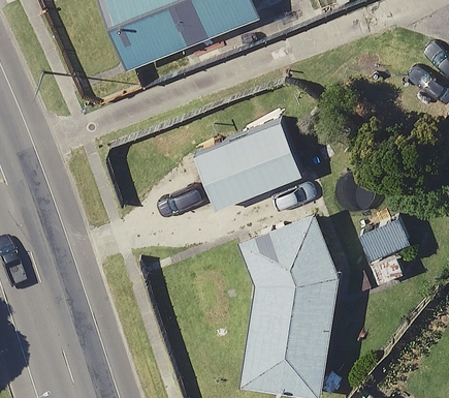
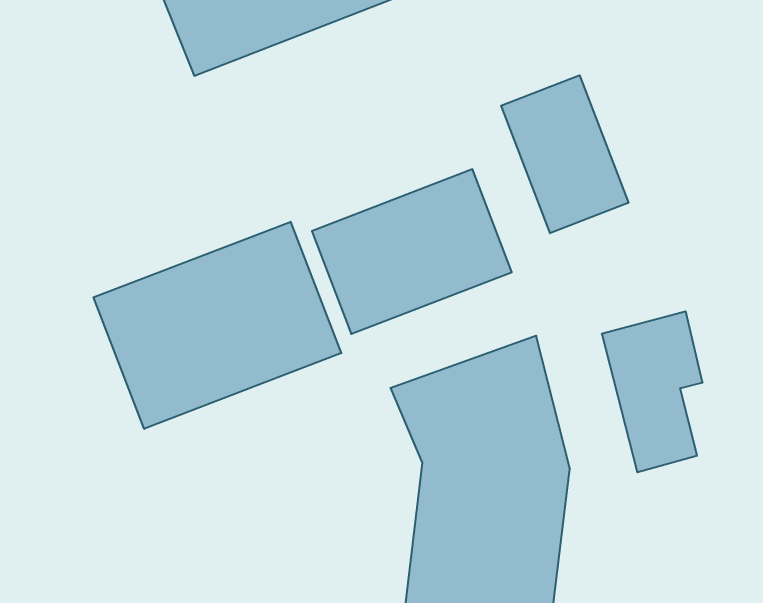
building: none -> [501,75,628,233]
building: none -> [93,222,341,429]

